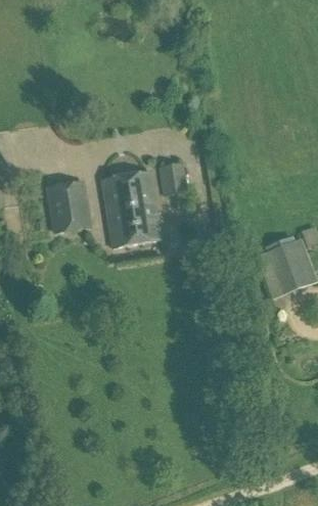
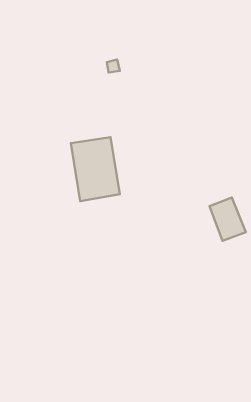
building: [156,162,185,194] -> none
building: [46,181,88,231] -> none

